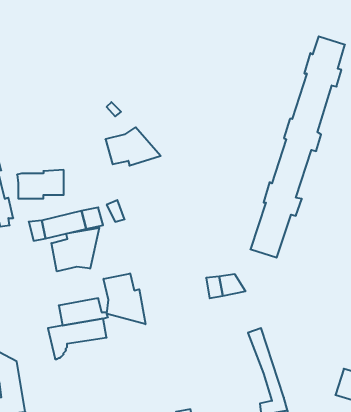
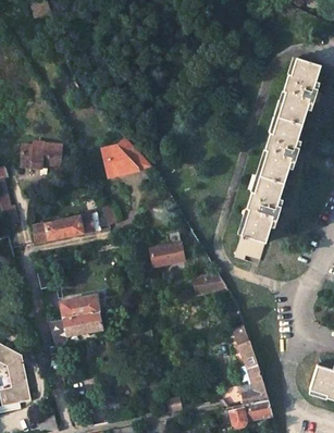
building: [17,170,64,199] -> [21,144,63,170]
building: none -> [151,228,186,265]
building: [51,228,99,271] -> none
building: [104,273,145,324] -> none

